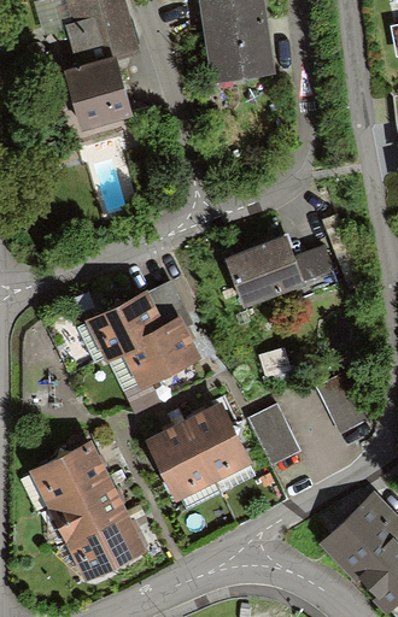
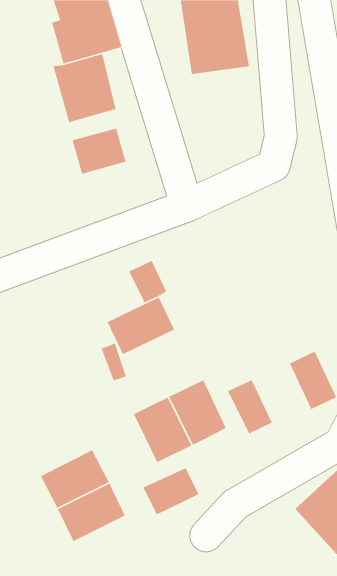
building: none -> [72,127,127,175]
building: [227,237,329,306] -> none
building: [90,292,163,353] -> none
building: [36,445,109,506] -> none
building: none -> [142,467,200,516]

